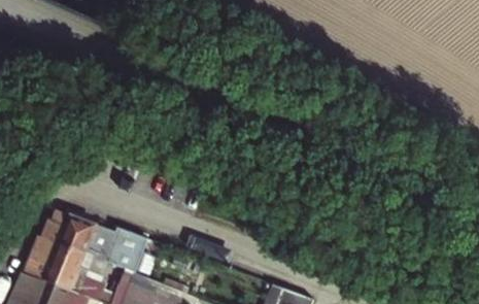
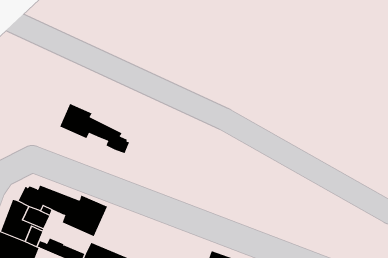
building: none -> [59,103,130,154]

